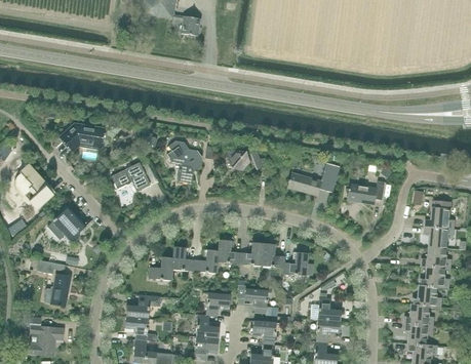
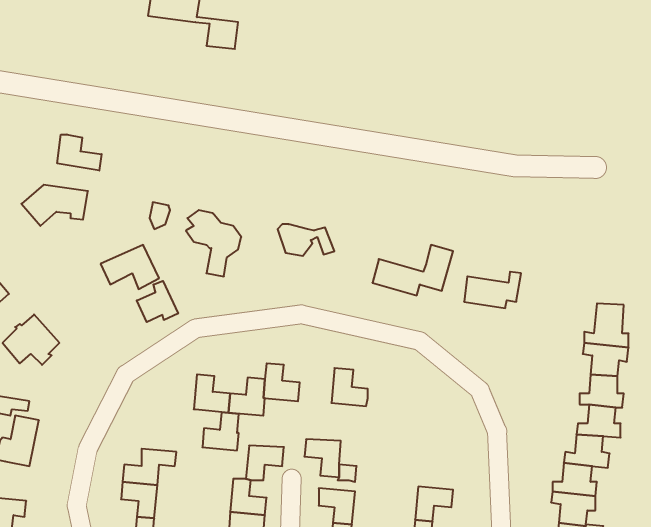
building: none -> [57,134,102,171]
building: none -> [137,281,178,322]
building: [239,242,263,266] -> none
building: [282,252,307,276] -> none
building: [149,256,172,281] -> [202,412,239,450]
building: [317,297,341,322] -> none

